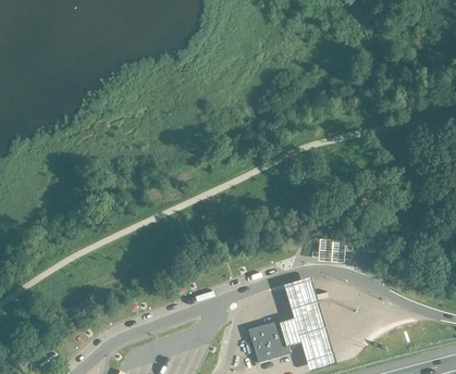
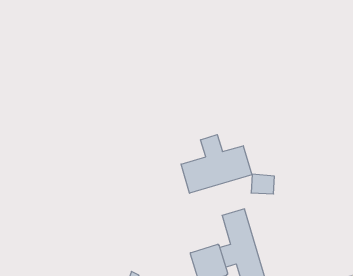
building: none -> [181,135,252,193]

